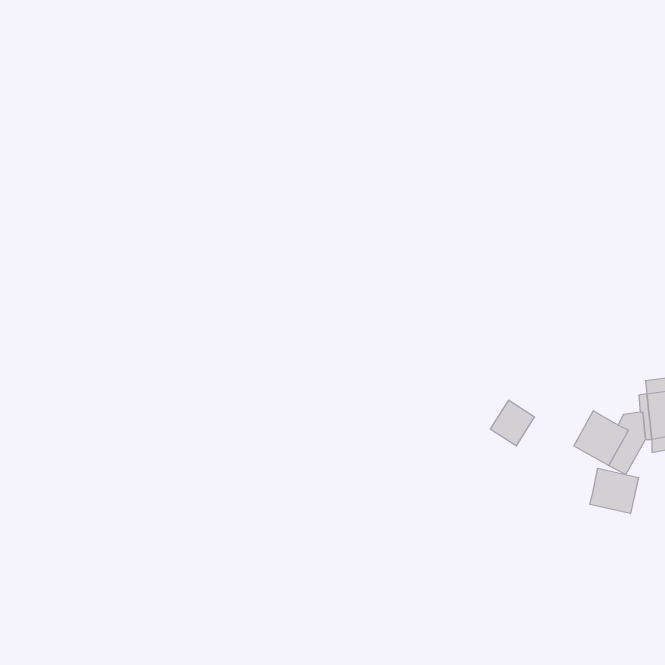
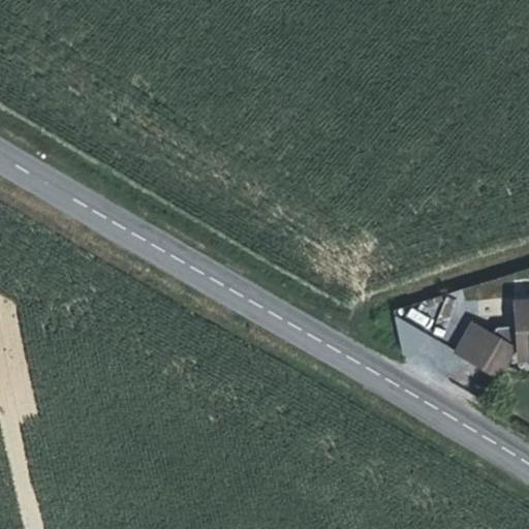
building: [590,468,639,514] -> none

